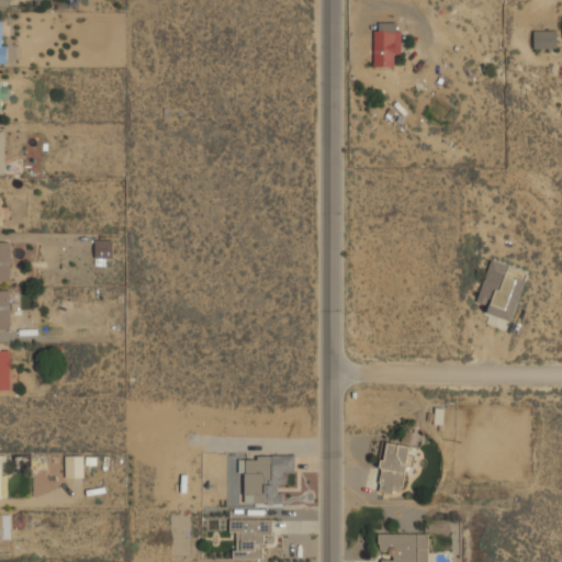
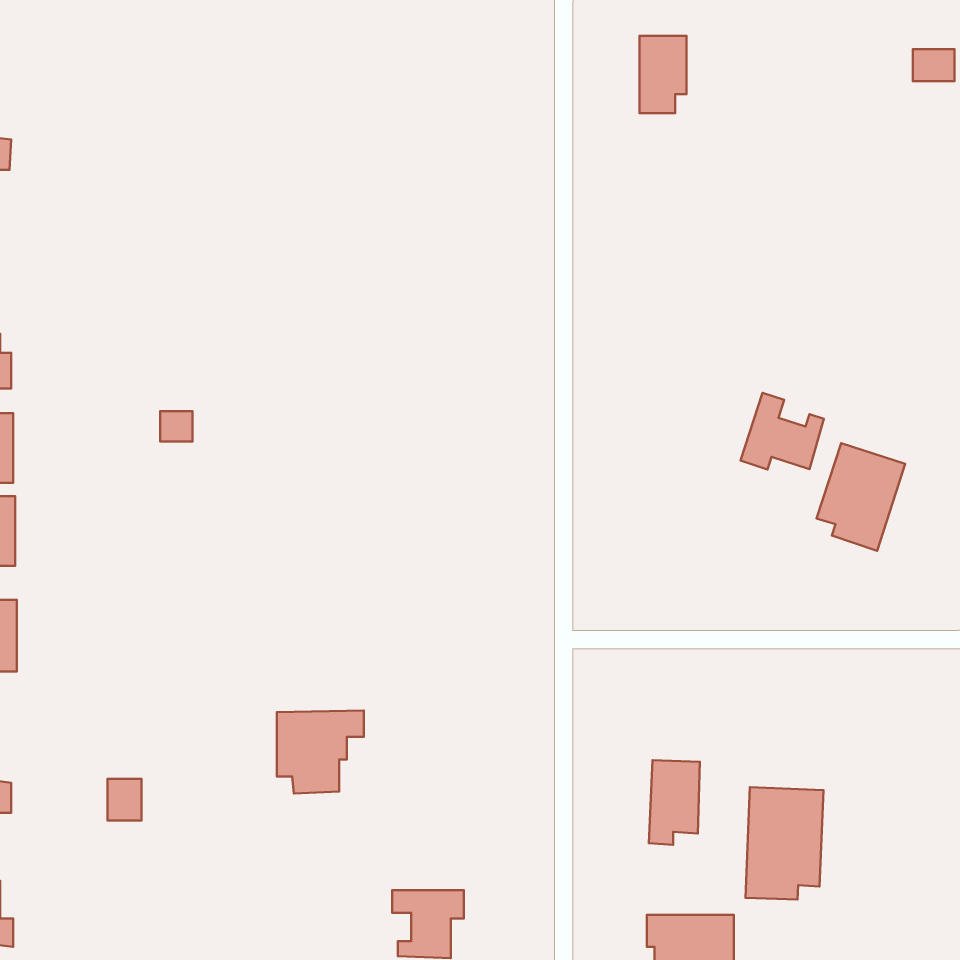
building: none -> [741,393,824,469]
building: [243,458,293,506] -> [277,710,364,793]
building: none -> [745,787,824,900]

